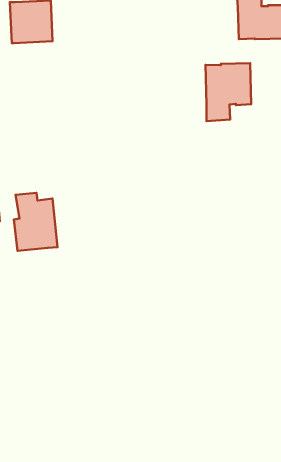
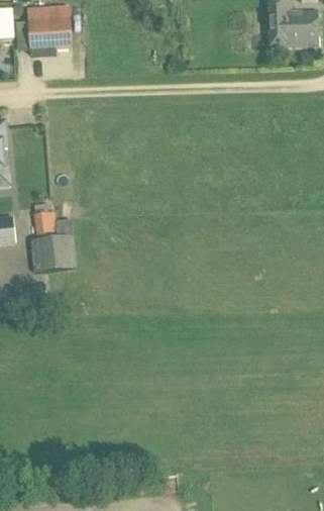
building: [205,63,251,121] -> none

